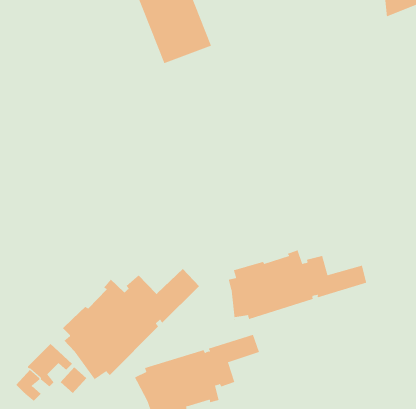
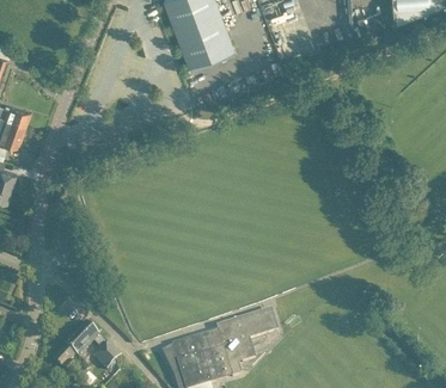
building: [228,249,367,321] -> none
building: [62,268,200,384] -> none

